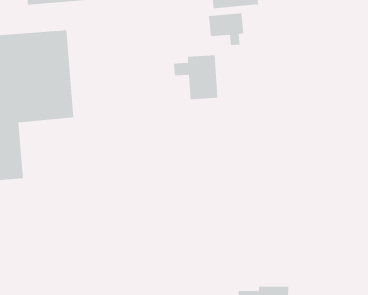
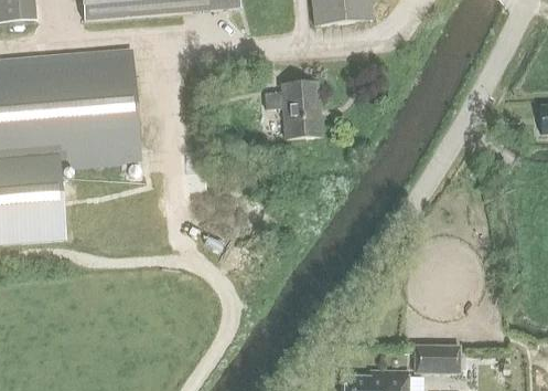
building: [209,13,244,46] -> none
building: none -> [412,344,460,373]

